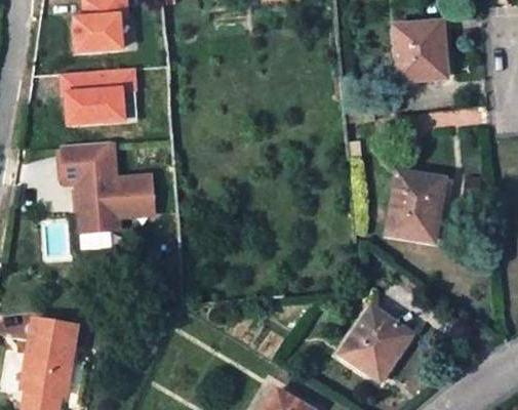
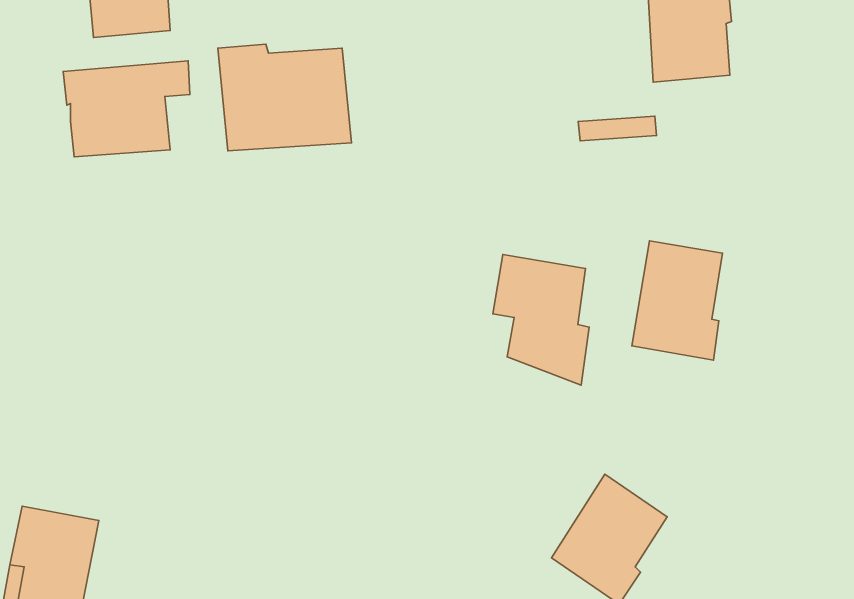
building: none -> [218,44,352,151]
building: [63,142,157,235] -> none
building: none -> [493,254,589,385]

